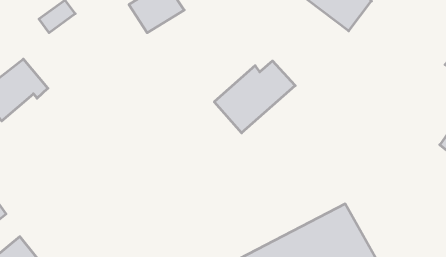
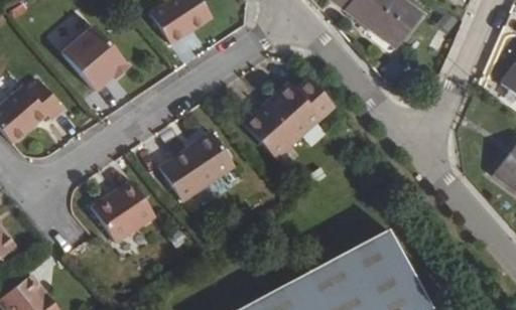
building: none -> [61,26,126,92]
building: none -> [160,131,236,199]
building: none -> [93,178,156,240]

